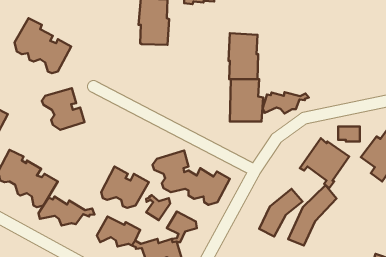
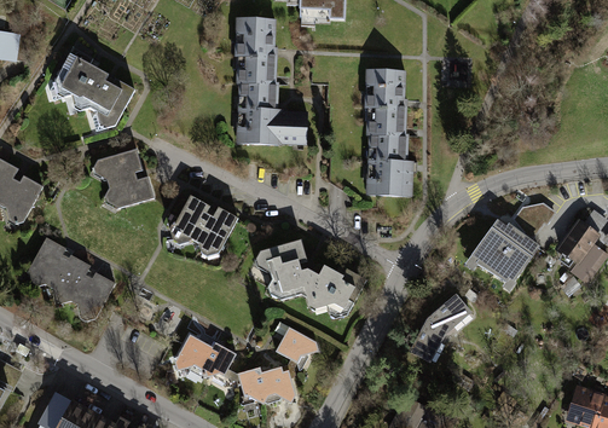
building: none -> [234,83,308,145]
building: [262,92,309,113] -> none
building: [101,166,149,208] -> [169,195,238,255]
building: [288,185,337,246] -> none
building: [146,195,170,220] -> none
building: [39,196,94,226] -> none

